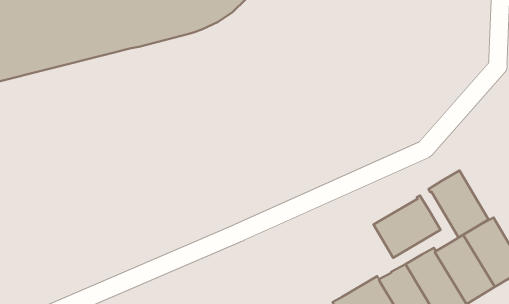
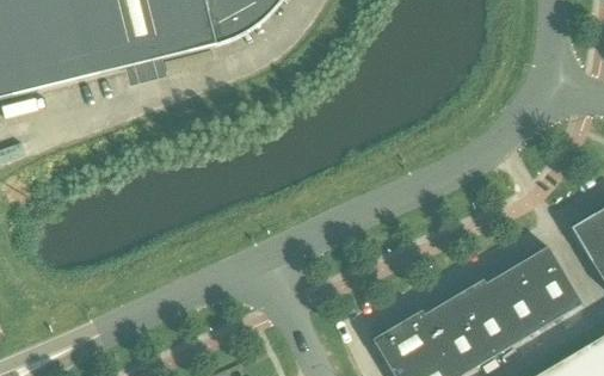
building: [429,170,489,237] -> none
building: [373,196,441,258] -> none

